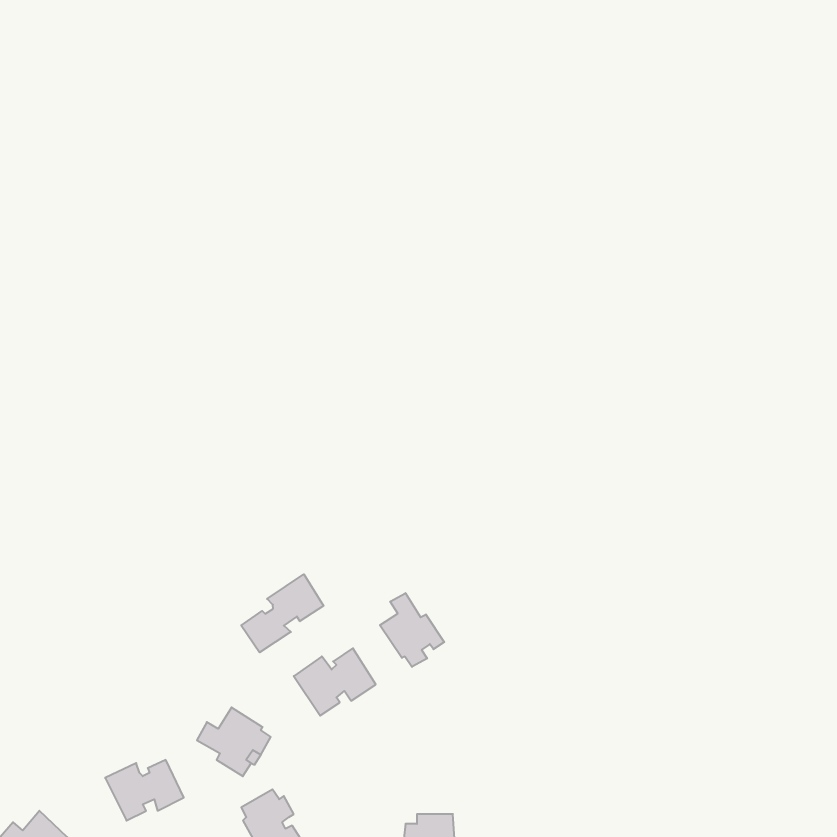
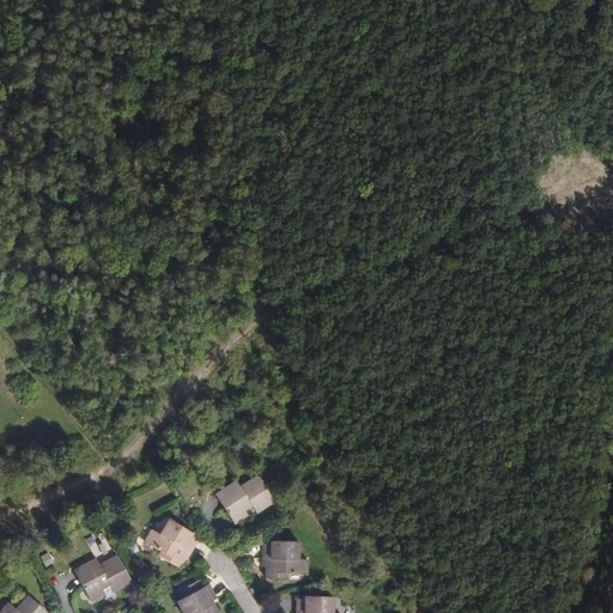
building: [241,574,324,652] -> none
building: [380,593,444,667] -> none
building: none -> [261,540,305,578]

